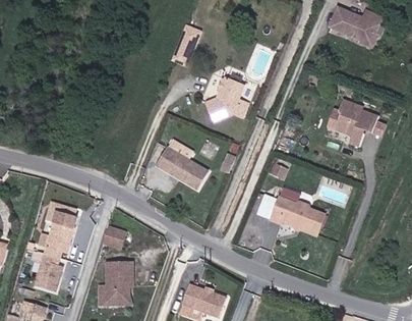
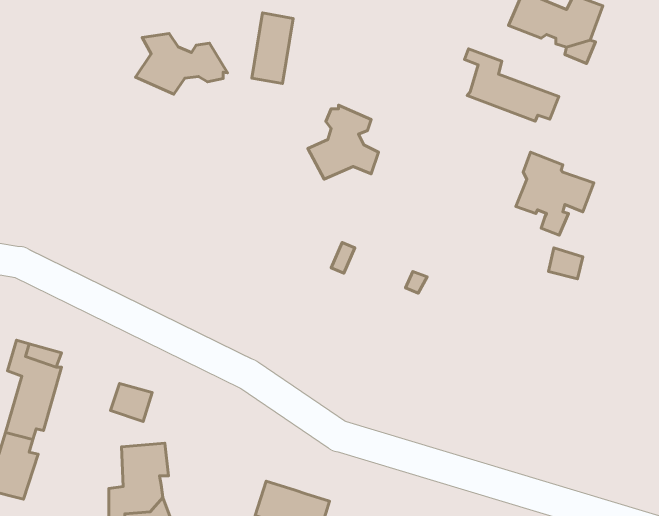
building: none -> [136,34,228,94]
building: none -> [464,49,559,121]
building: [164,143,214,183] -> none
building: [267,195,321,233] -> none

